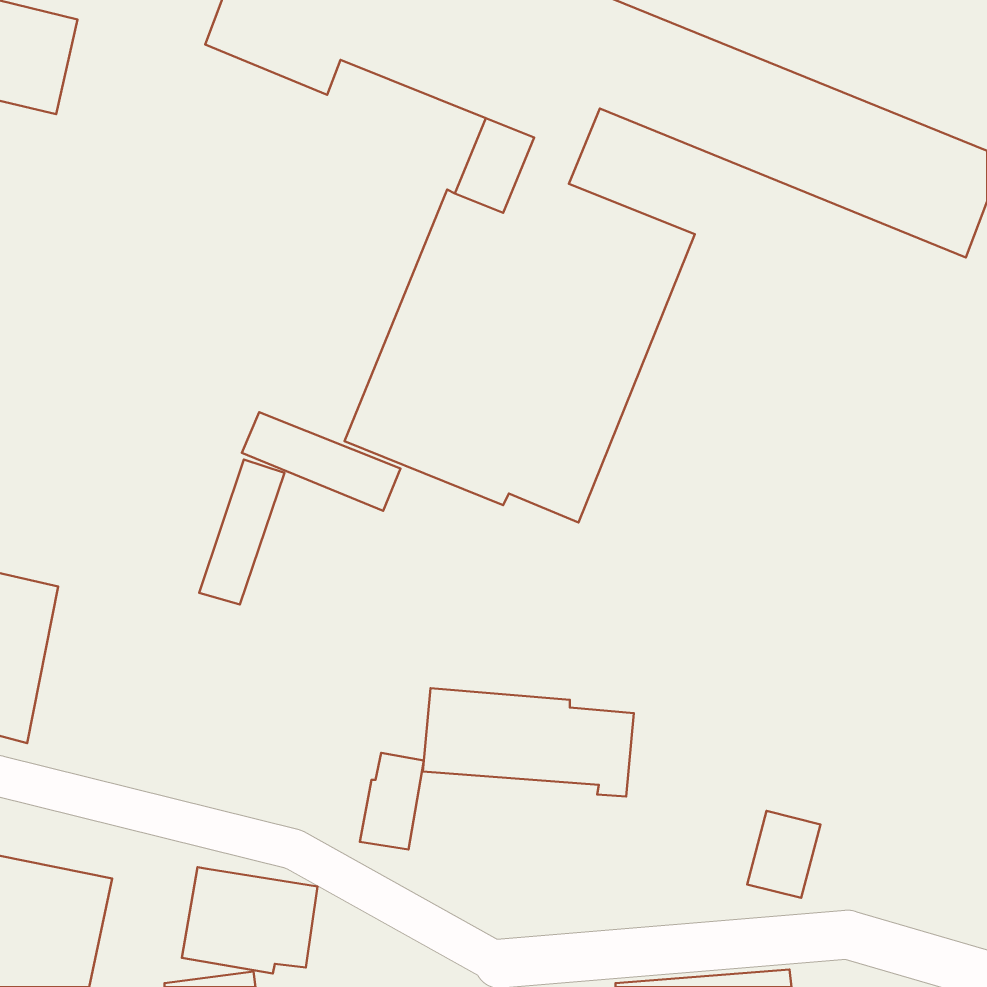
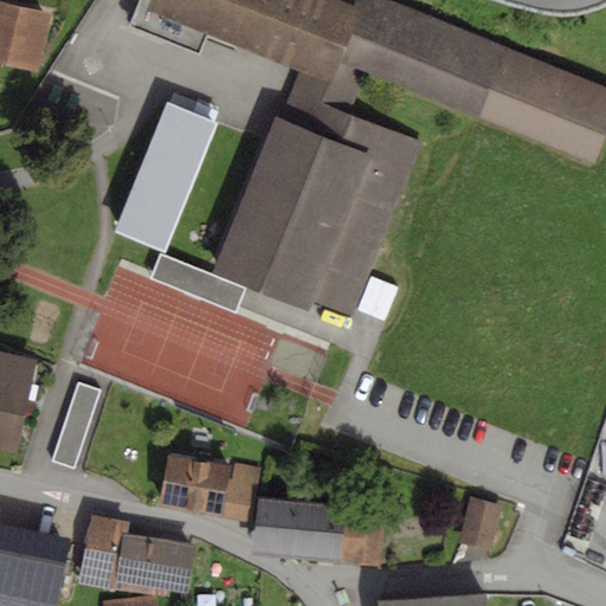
building: none -> [112,102,217,251]
building: [199,459,284,605] -> [49,380,101,469]
building: [423,688,634,797] -> [253,497,382,563]
building: none -> [157,453,228,515]
building: none -> [79,514,129,586]

